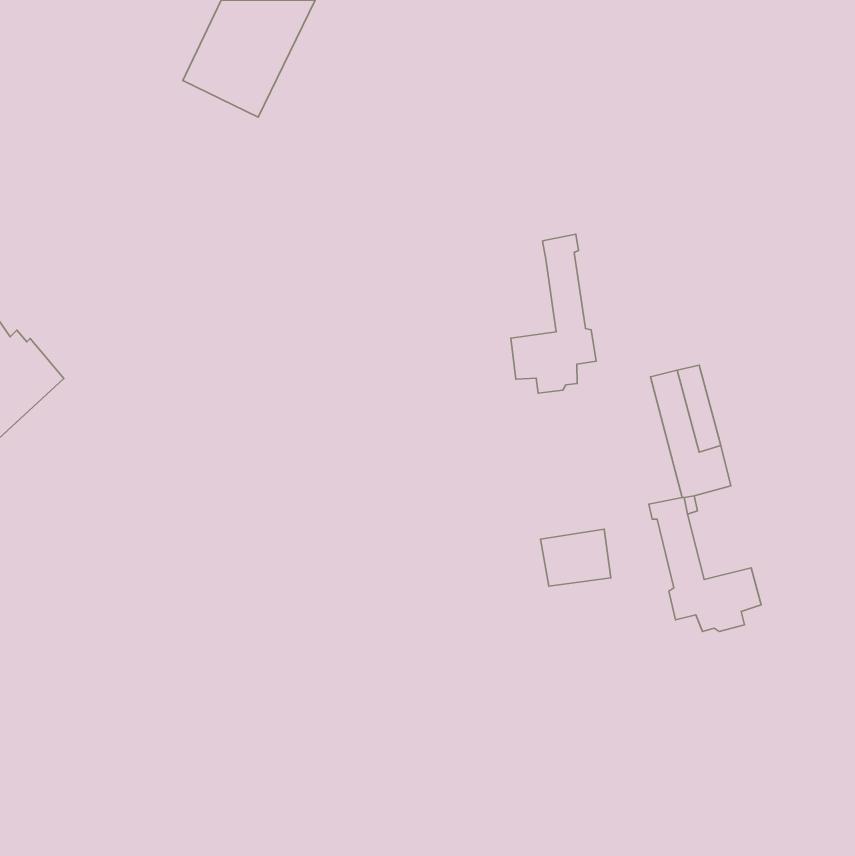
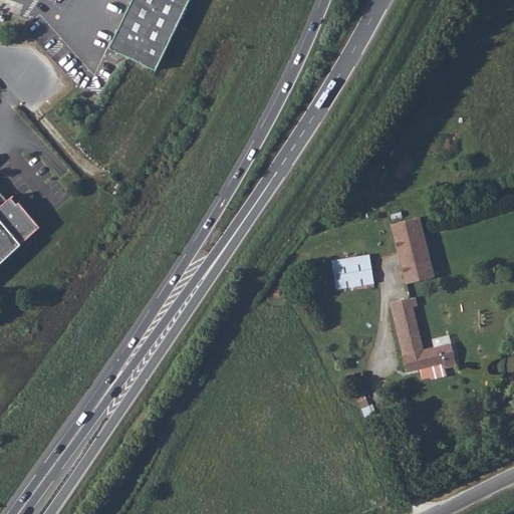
building: [511,234,596,393] -> none
building: [540,529,611,586] -> [330,255,372,289]

